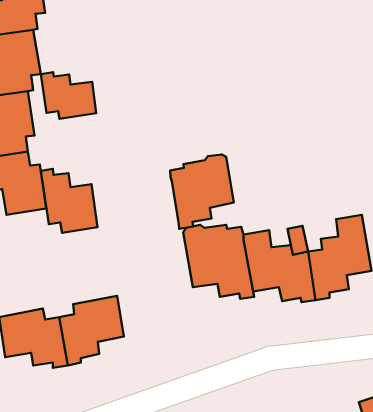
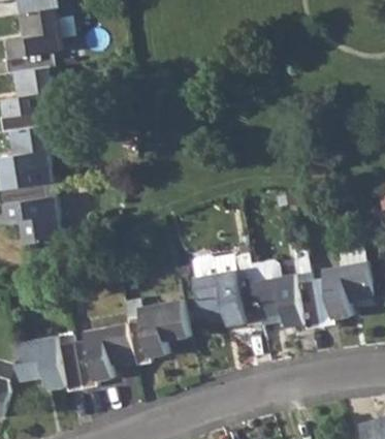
building: [41,72,96,119] -> none
building: [170,155,234,229] -> none
building: [41,169,98,233] -> none
building: none -> [128,300,188,366]

